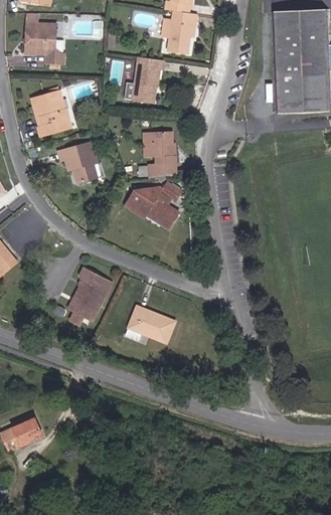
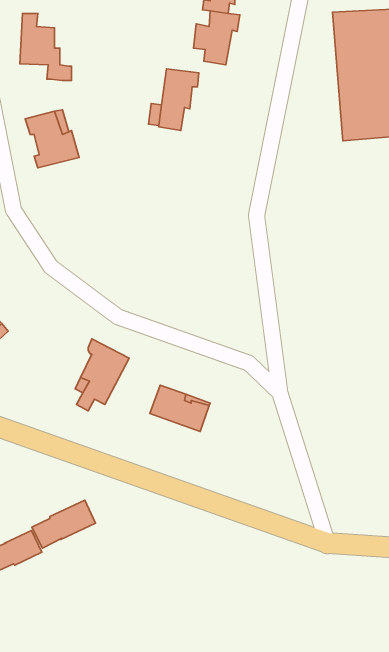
building: [146,129,175,178] -> none
building: [56,138,101,178] -> none
building: [131,183,182,230] -> none
building: none -> [32,500,96,548]

